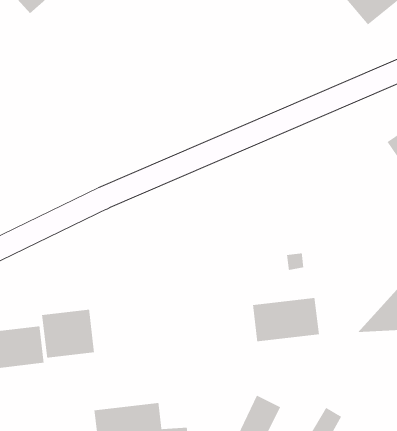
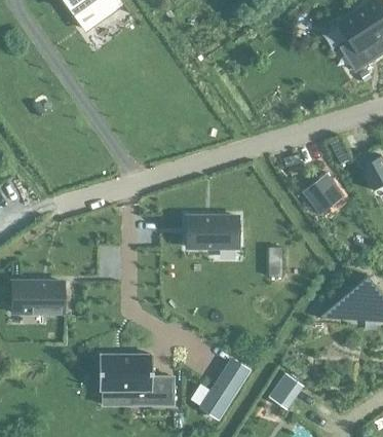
building: none -> [304,176,341,213]
building: [252,297,320,342] -> [187,218,238,249]
building: [41,309,95,358] -> none

